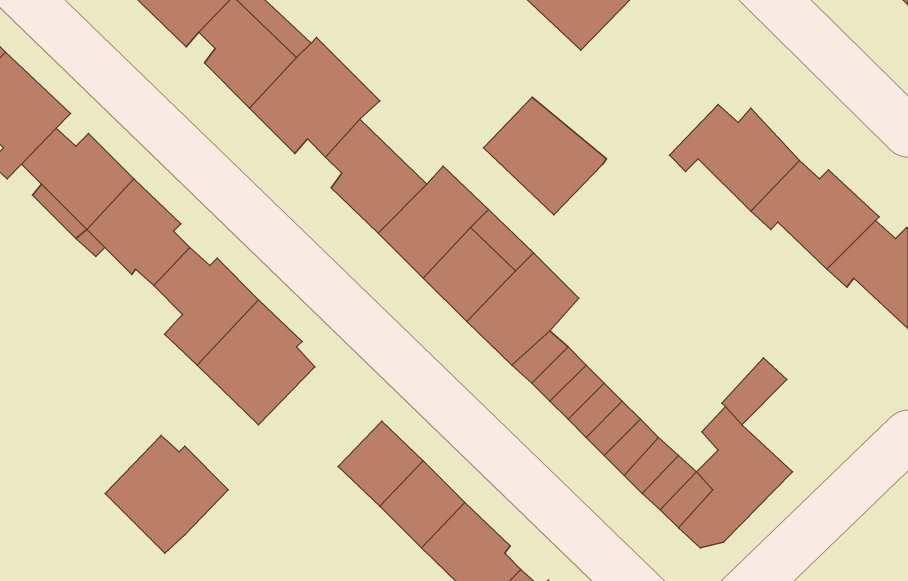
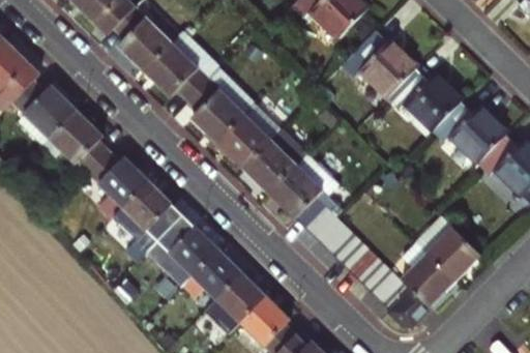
building: [483,97,606,215] -> [344,31,414,98]
building: none -> [425,227,479,280]
building: [105,435,228,553] -> [149,219,219,287]

